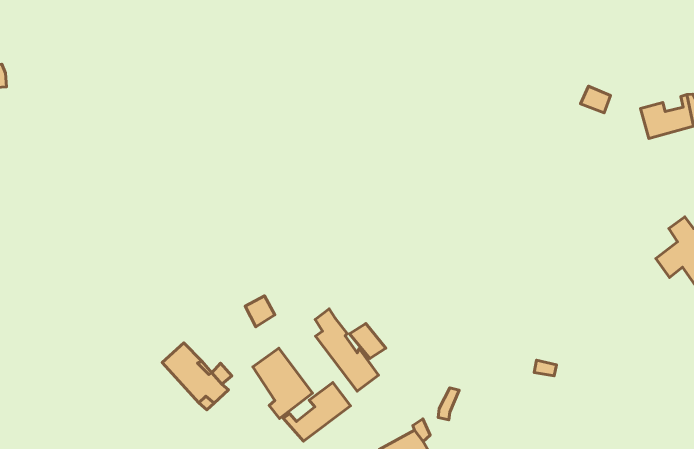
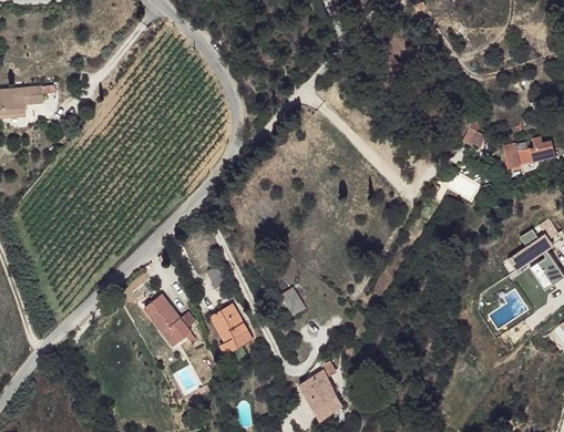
building: [315,309,378,391] -> none
building: [283,382,350,441] -> none

